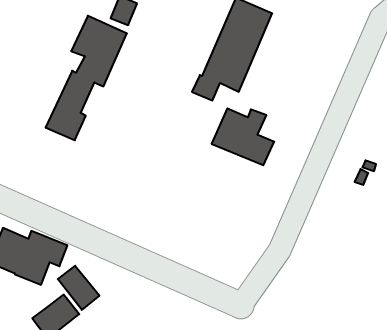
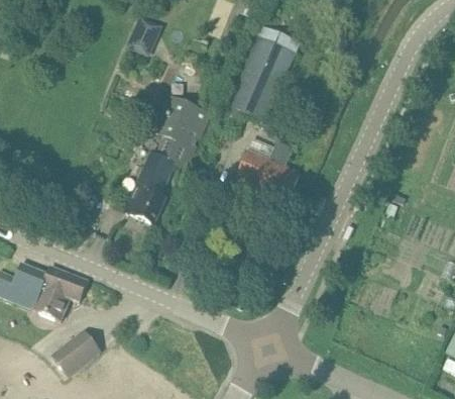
building: [46,16,127,140] -> [125,94,209,222]
building: [58,266,99,310] -> none

